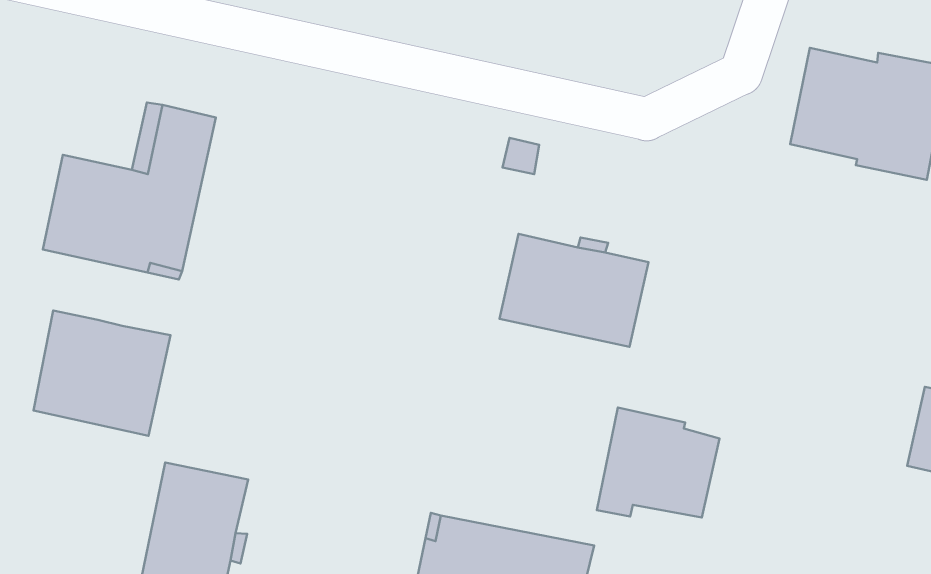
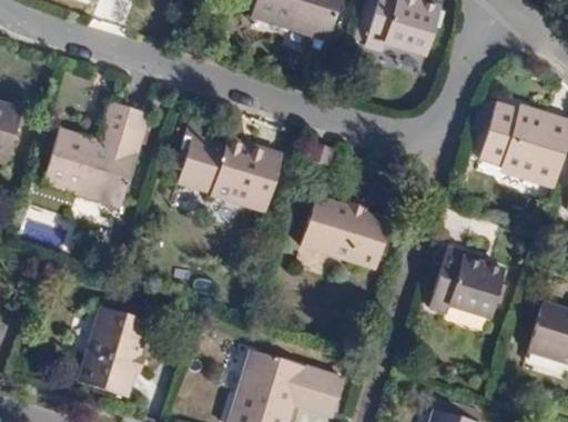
building: none -> [175,120,283,209]
building: [34,311,171,436] -> none
building: [597,408,719,518] -> [426,250,500,318]

